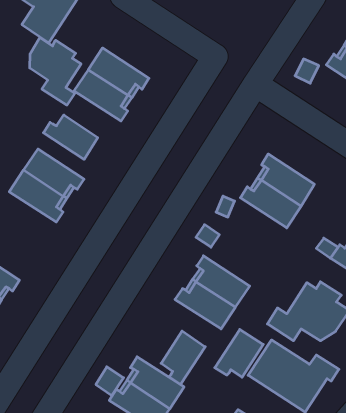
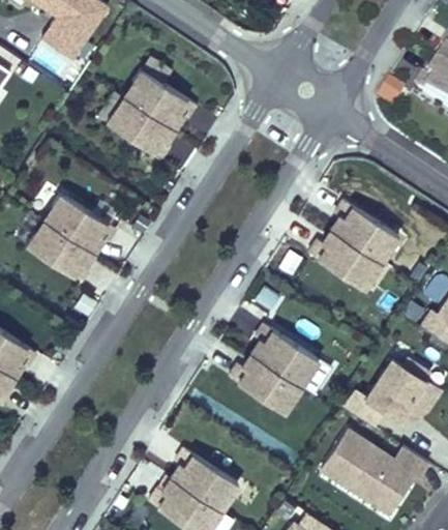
building: [30,38,81,105] -> none
building: [43,115,98,159] -> none
building: [215,329,263,377] -> none
building: [161,331,205,385] -> none

